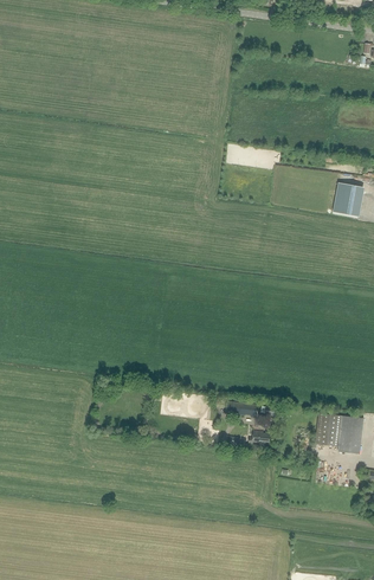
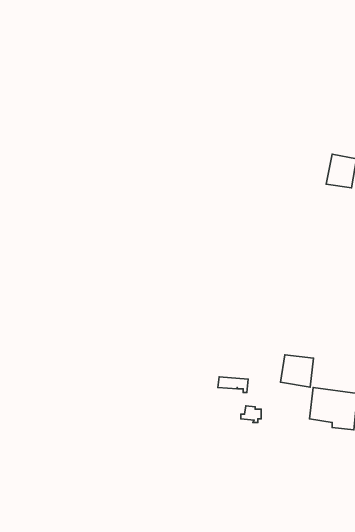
building: none -> [280,355,313,387]

